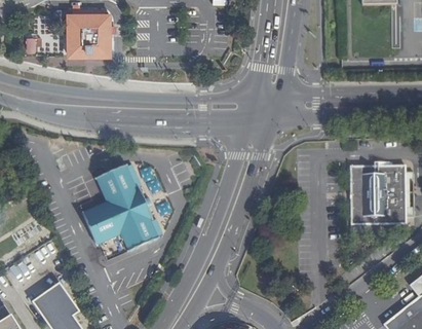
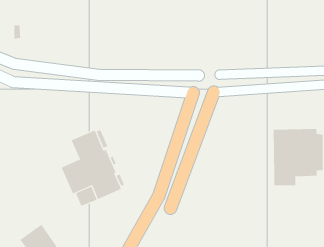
building: [68,8,109,58] -> none

